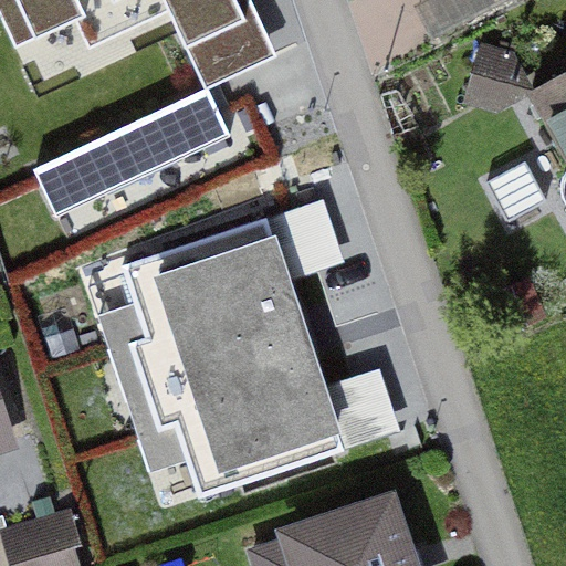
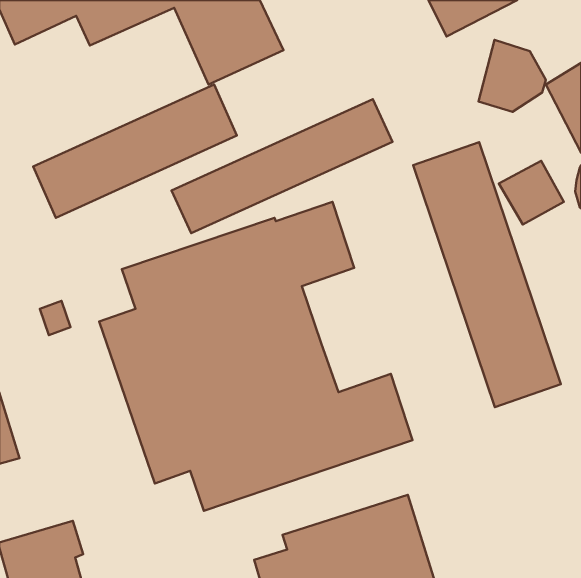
building: none -> [171,99,393,233]
building: none -> [413,142,561,407]

